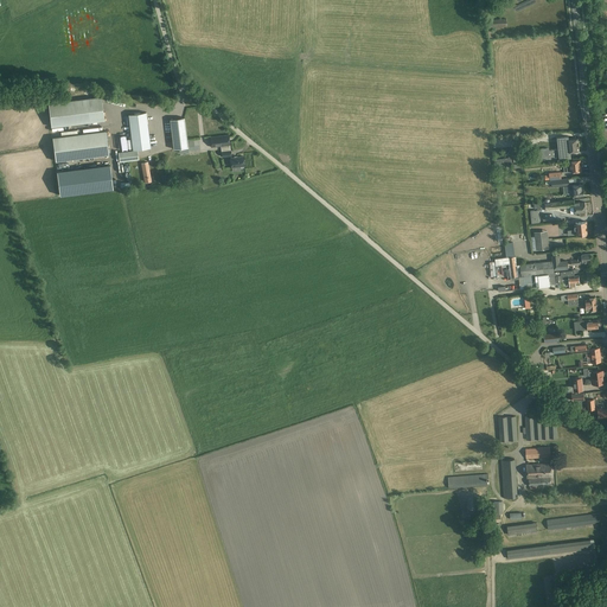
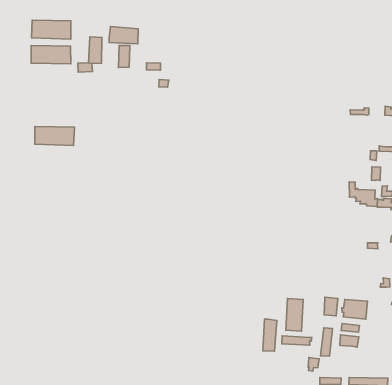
building: none -> [109,26,138,44]
building: [56,166,111,197] -> [35,126,74,145]
building: none -> [286,298,303,331]
building: none -> [263,319,277,351]

